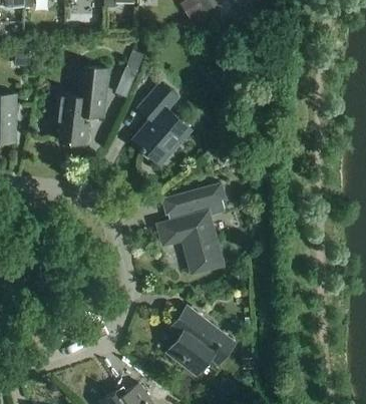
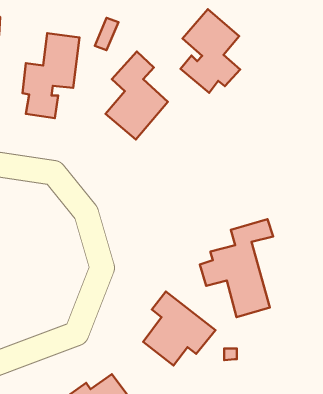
building: none -> [181,9,240,93]
building: [157,182,226,274] -> [200,219,273,317]

